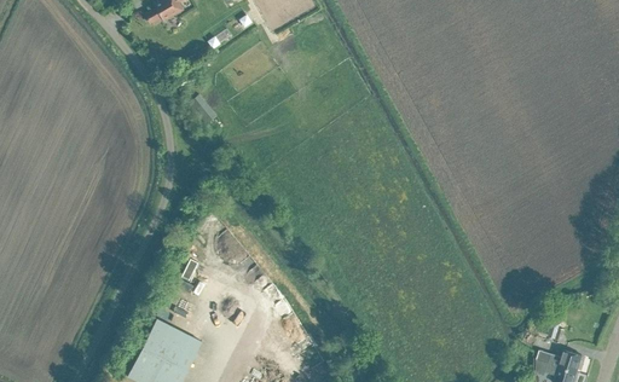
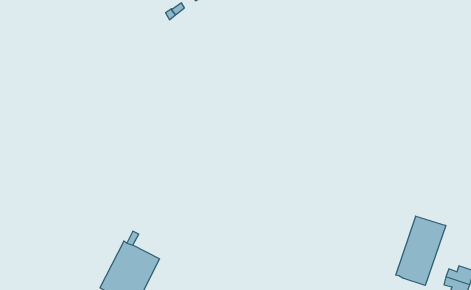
building: none -> [396,216,446,285]

